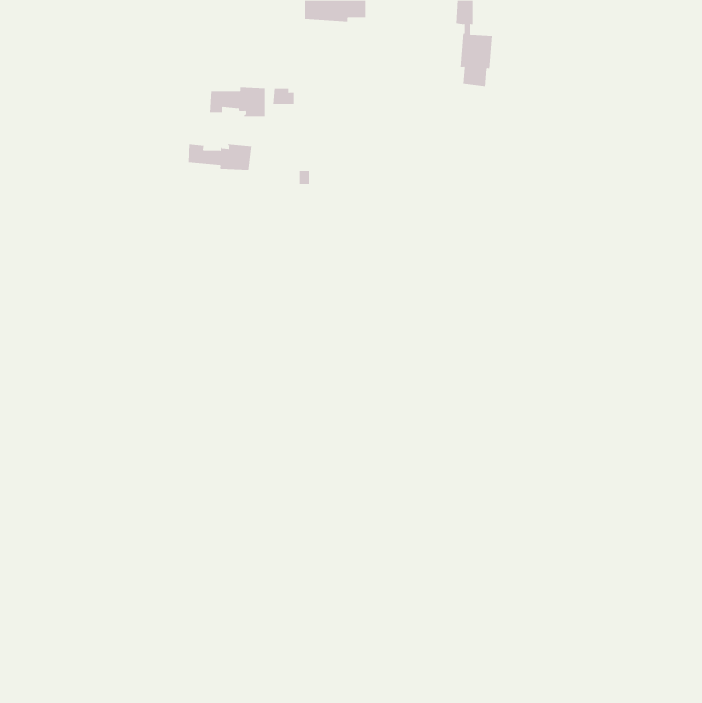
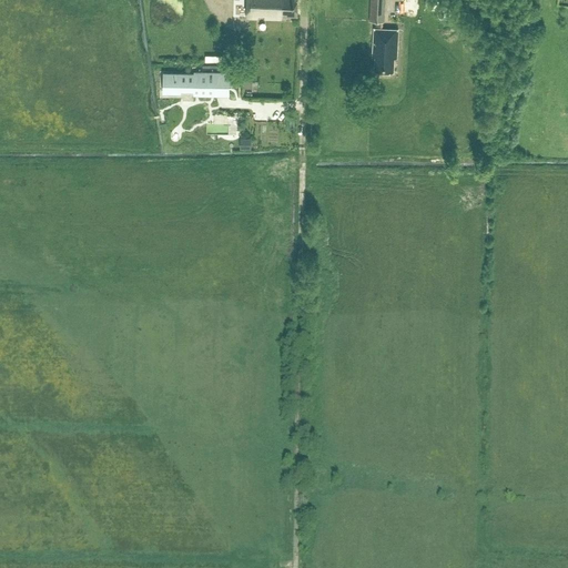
building: [188,144,252,171] -> none

